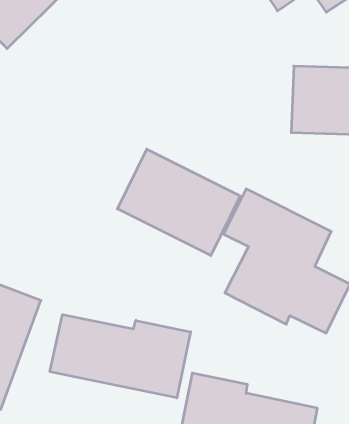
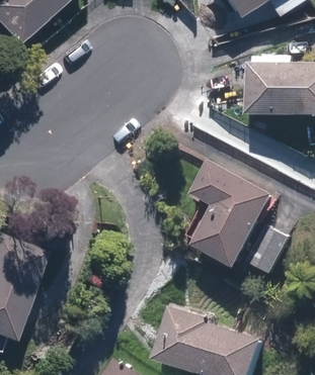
building: [117,149,240,256] -> none
building: [50,315,191,398] -> none

